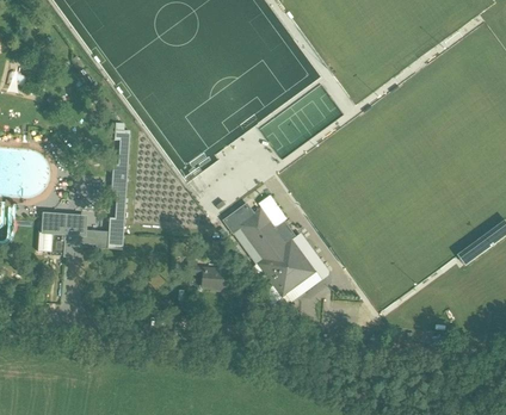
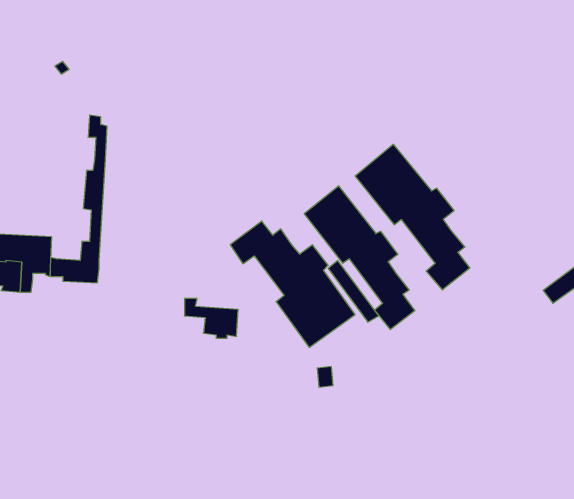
building: none -> [355,144,470,290]
building: none -> [304,186,415,330]

